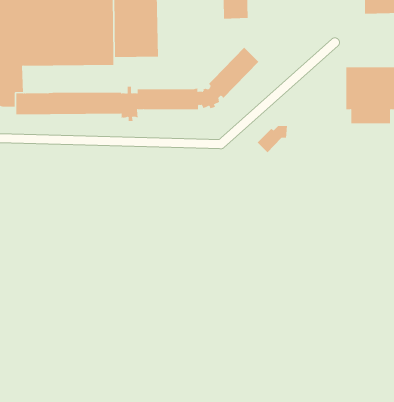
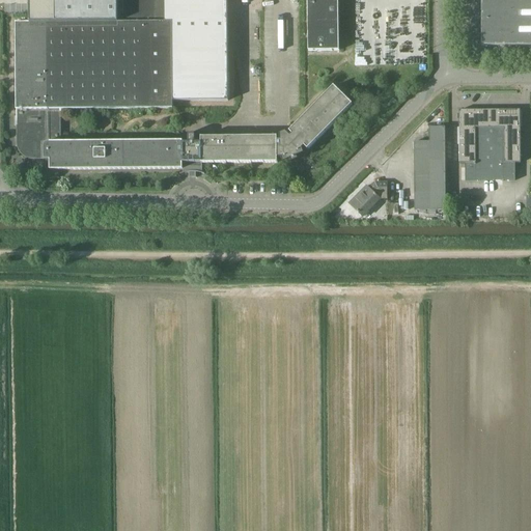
building: none -> [414,124,445,207]

